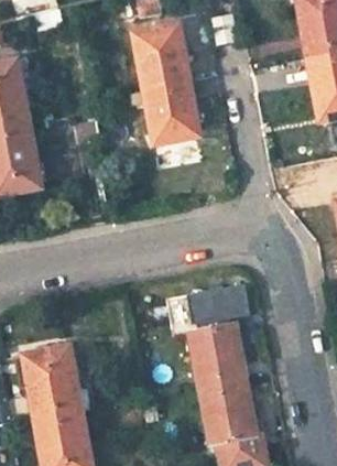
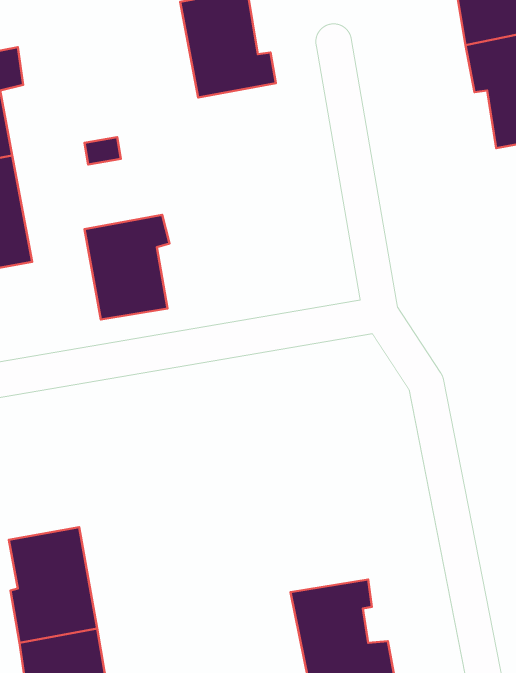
building: [142,79,194,143] -> [84,215,169,319]
building: [184,278,249,324] -> none
building: [187,325,246,390] -> none

